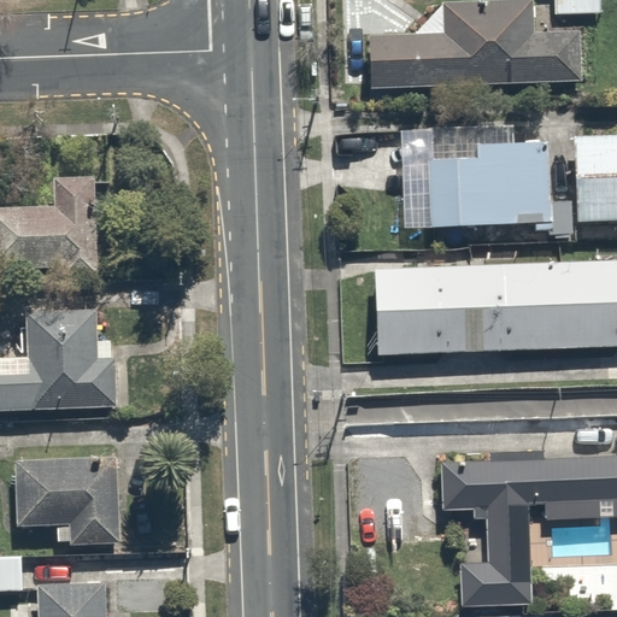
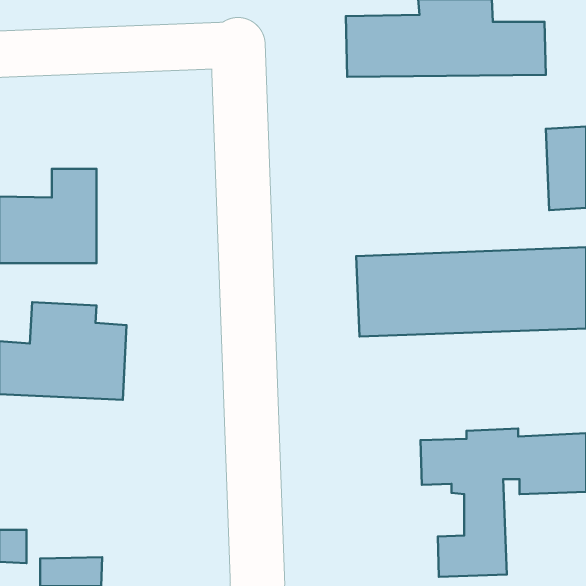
building: [427,140,552,225] -> none
building: [18,462,116,548] -> none

